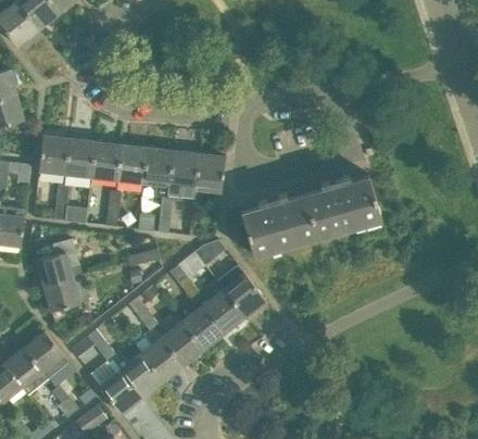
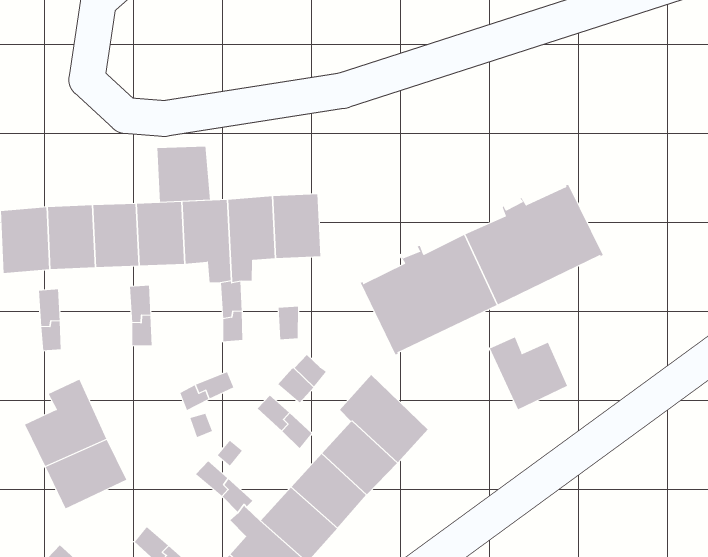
building: none -> [157,146,211,202]
building: none -> [489,337,568,410]

